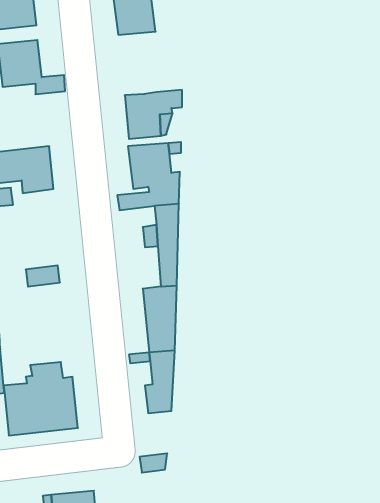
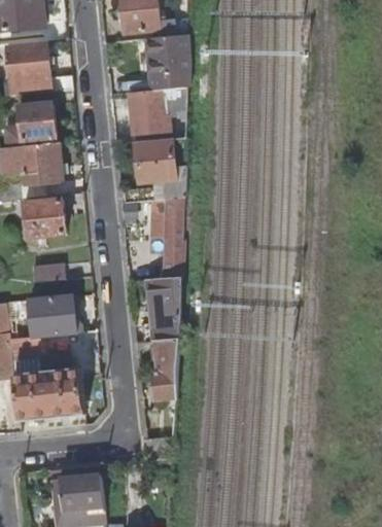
building: none -> [144,35,185,92]
building: none -> [18,101,57,139]
building: none -> [25,196,66,238]
building: none -> [28,296,75,337]

